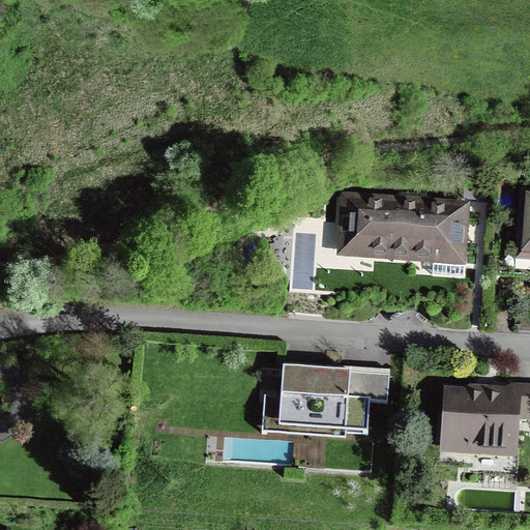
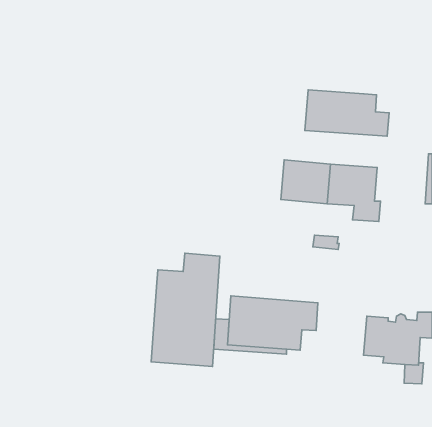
building: none -> [305,90,389,136]
building: none -> [151,253,220,366]

